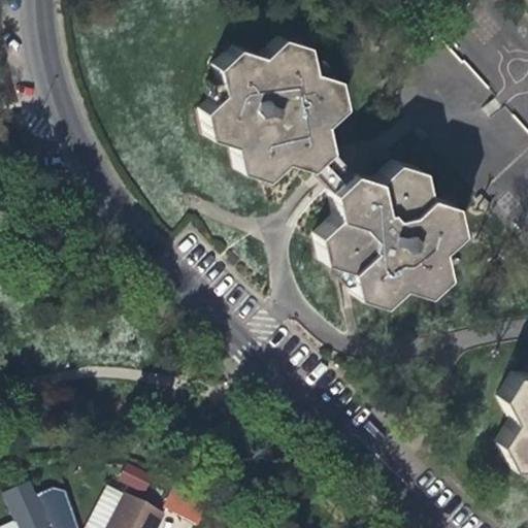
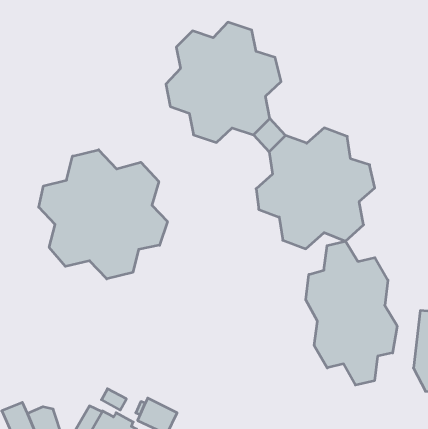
building: none -> [39,150,167,279]
building: none -> [306,241,397,385]

